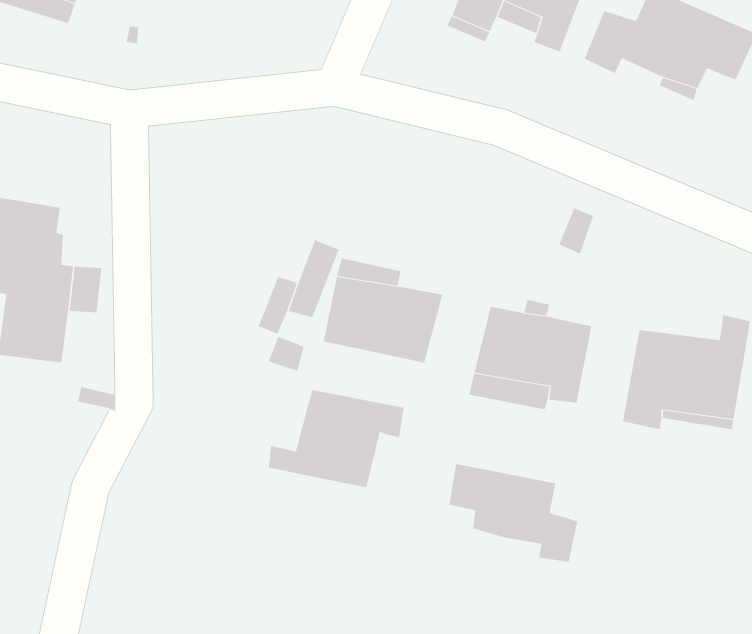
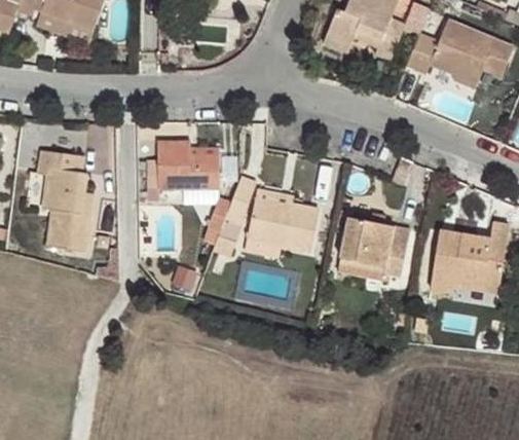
building: none -> [157,141,220,188]
building: [268,389,404,488] -> none
building: [449,463,578,563] -> none

